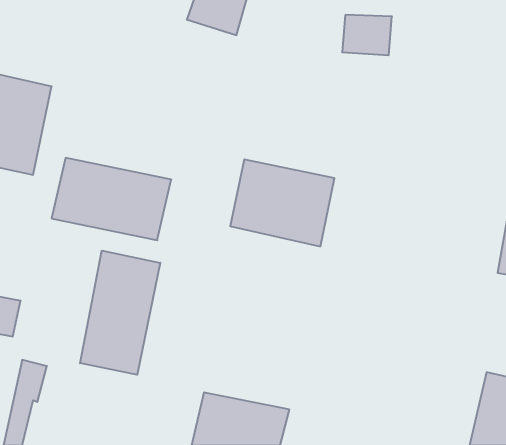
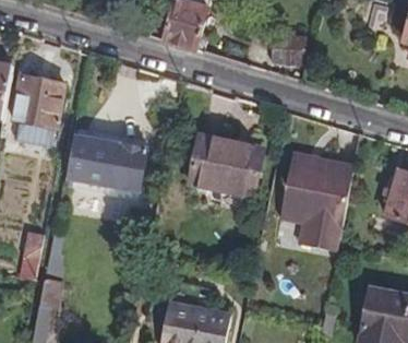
building: none -> [280,155,356,248]
building: [80,251,160,375] -> none

